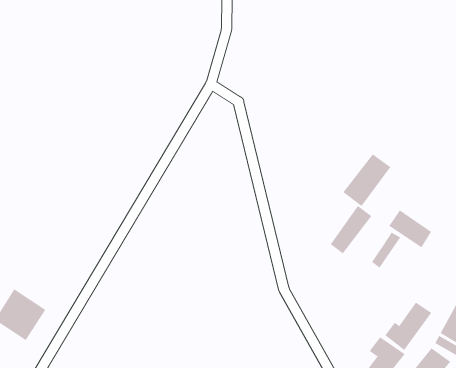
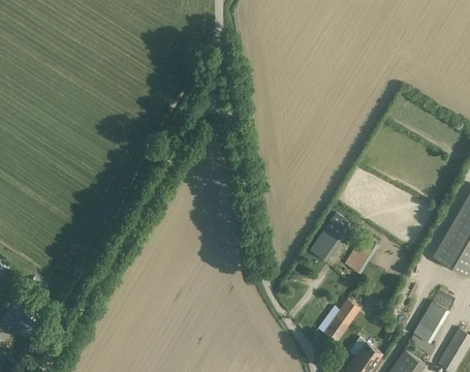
building: [343,154,391,207] -> none
building: [388,209,432,248] -> none
building: [384,302,432,351] -> [314,291,358,337]

